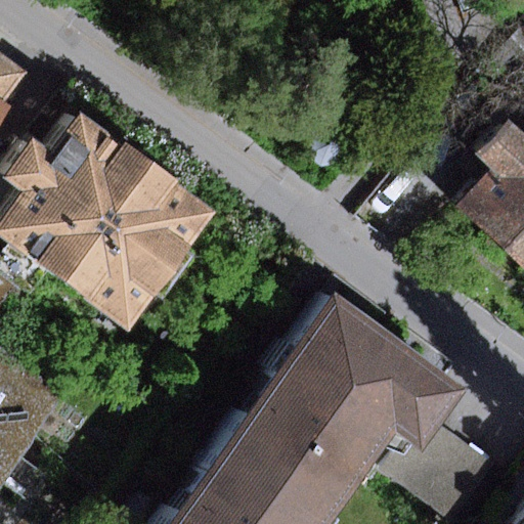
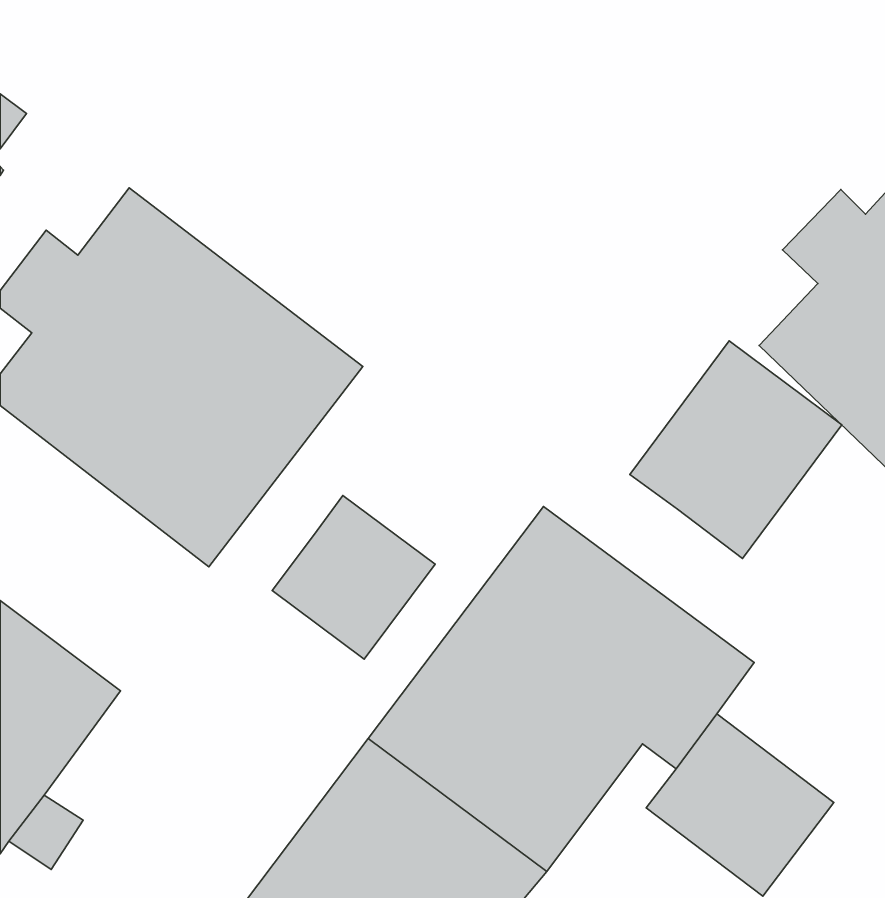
building: none -> [630,341,842,559]
building: none -> [272,496,435,659]

